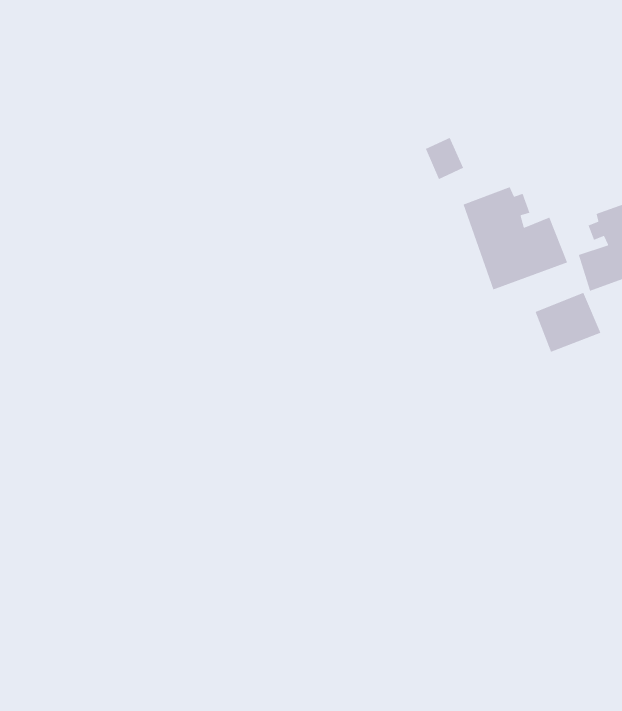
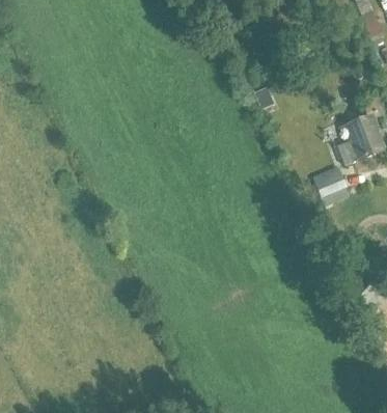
building: [462,186,568,290] -> none

